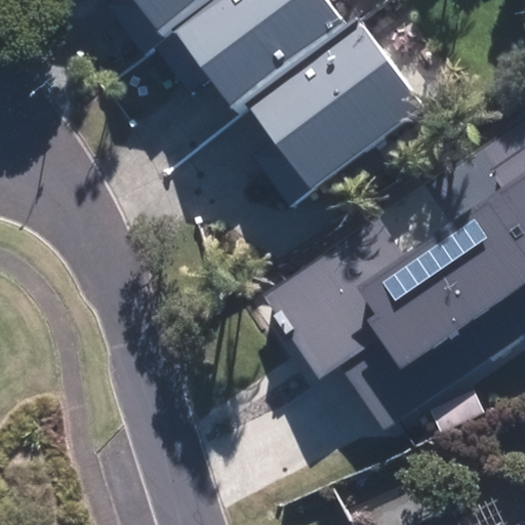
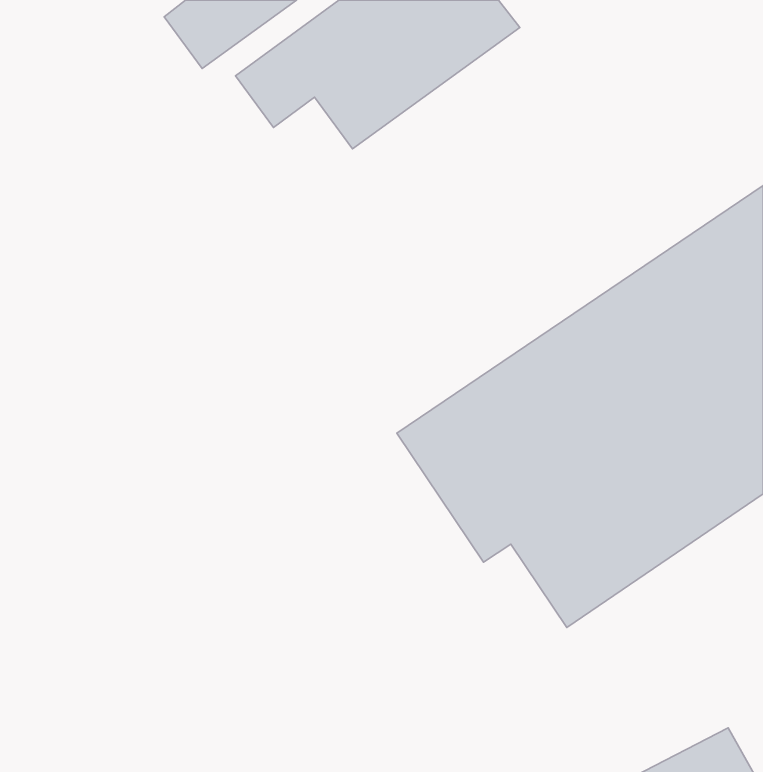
building: [261,33,429,207] -> none

